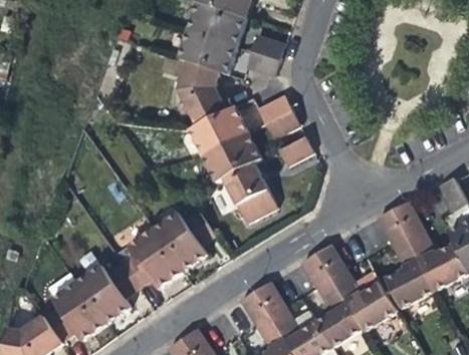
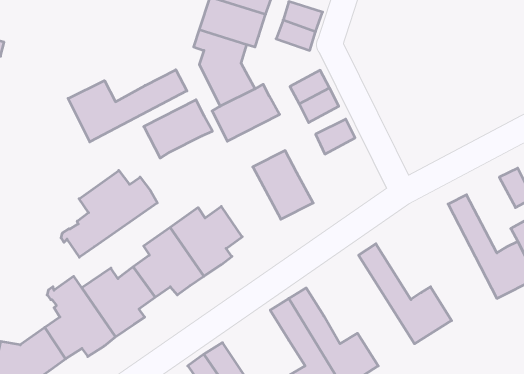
building: none -> [68,70,187,142]
building: [202,131,261,182] -> [144,100,212,158]
building: none -> [61,170,157,257]
building: [377,209,435,308] -> none
building: [299,253,364,348] -> none

